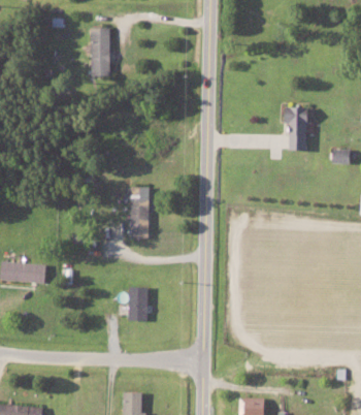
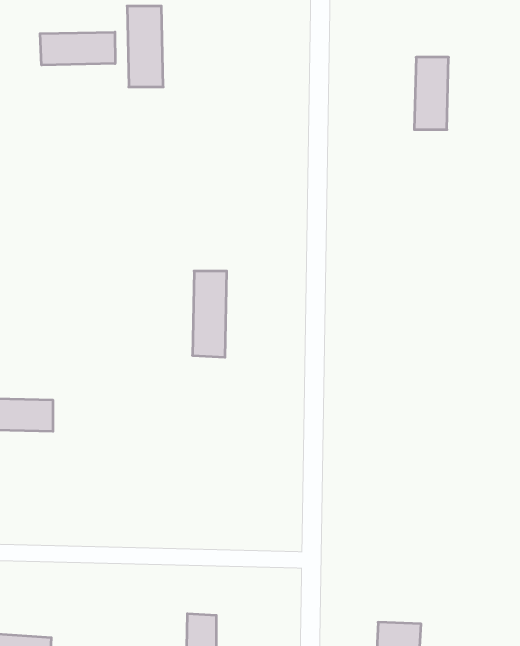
building: none -> [40,32,115,65]
building: [288,107,308,151] -> [414,57,449,130]
building: [127,287,147,321] -> none

